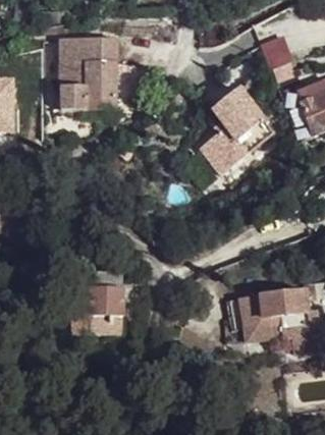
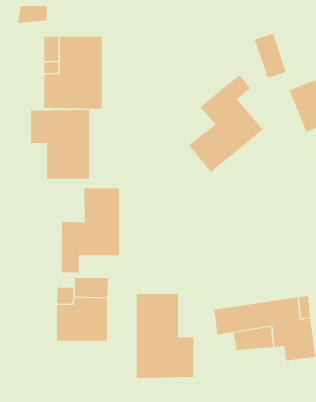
building: none -> [31,109,90,180]
building: none -> [61,188,119,273]
building: none -> [136,293,194,379]

